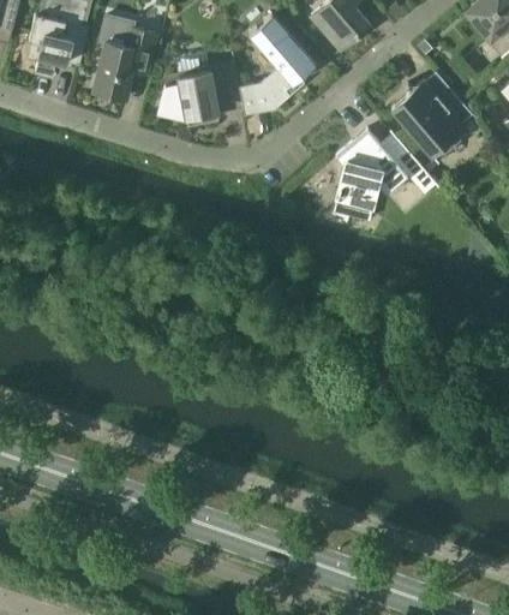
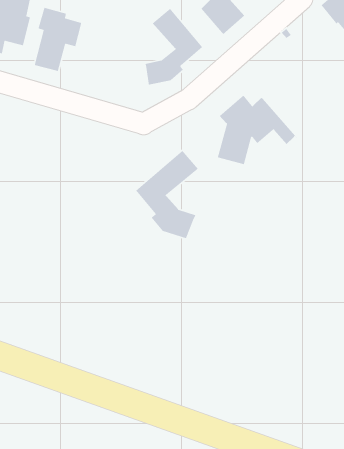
building: [158,65,227,123] -> none
building: [390,73,471,156] -> none
building: none -> [135,150,199,239]

